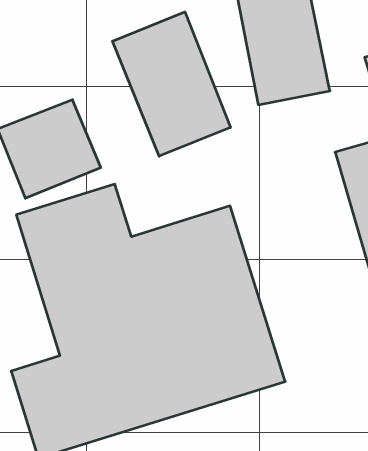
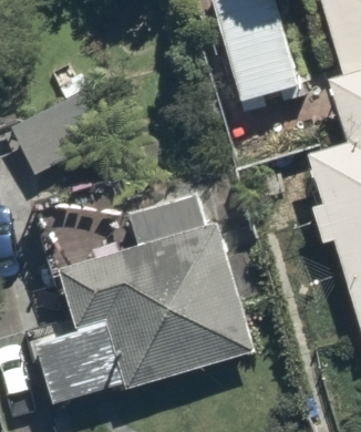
building: [112,12,230,156] -> none

